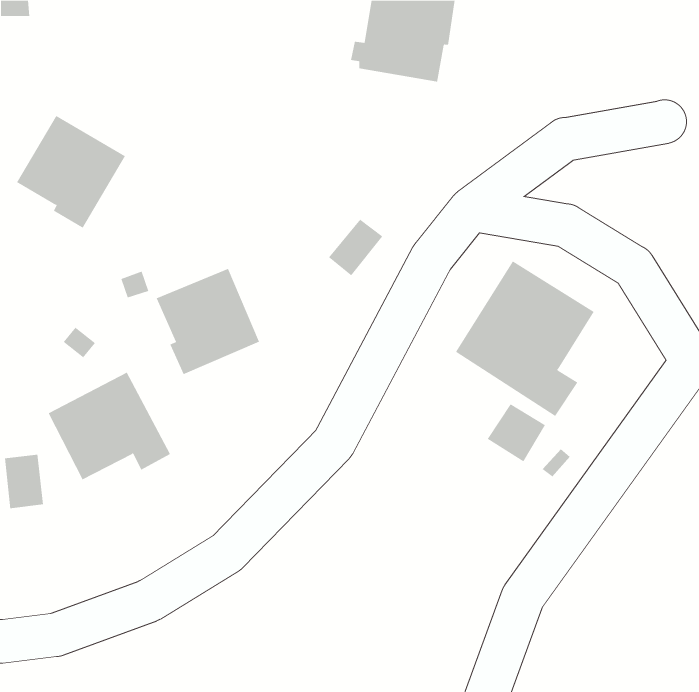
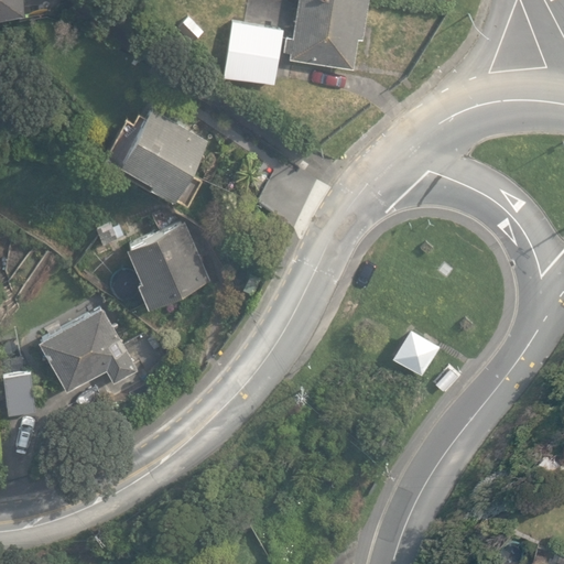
building: none -> [223,22,283,86]
building: [16,115,126,229] -> [119,108,207,199]
building: [455,261,595,417] -> none

